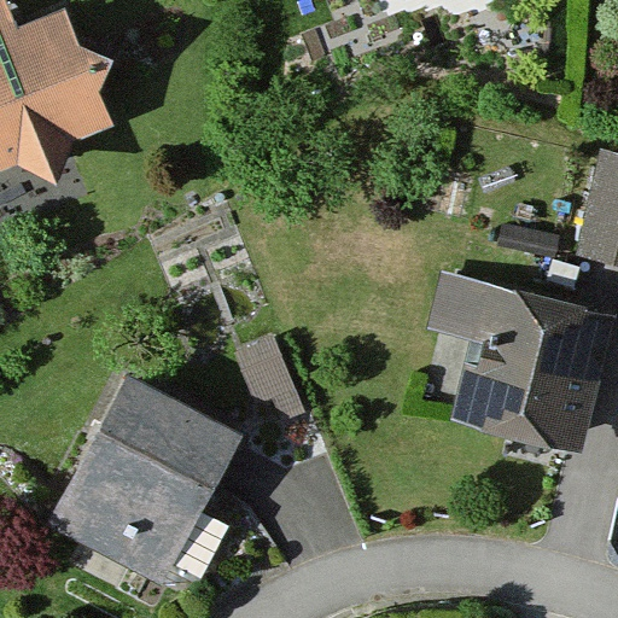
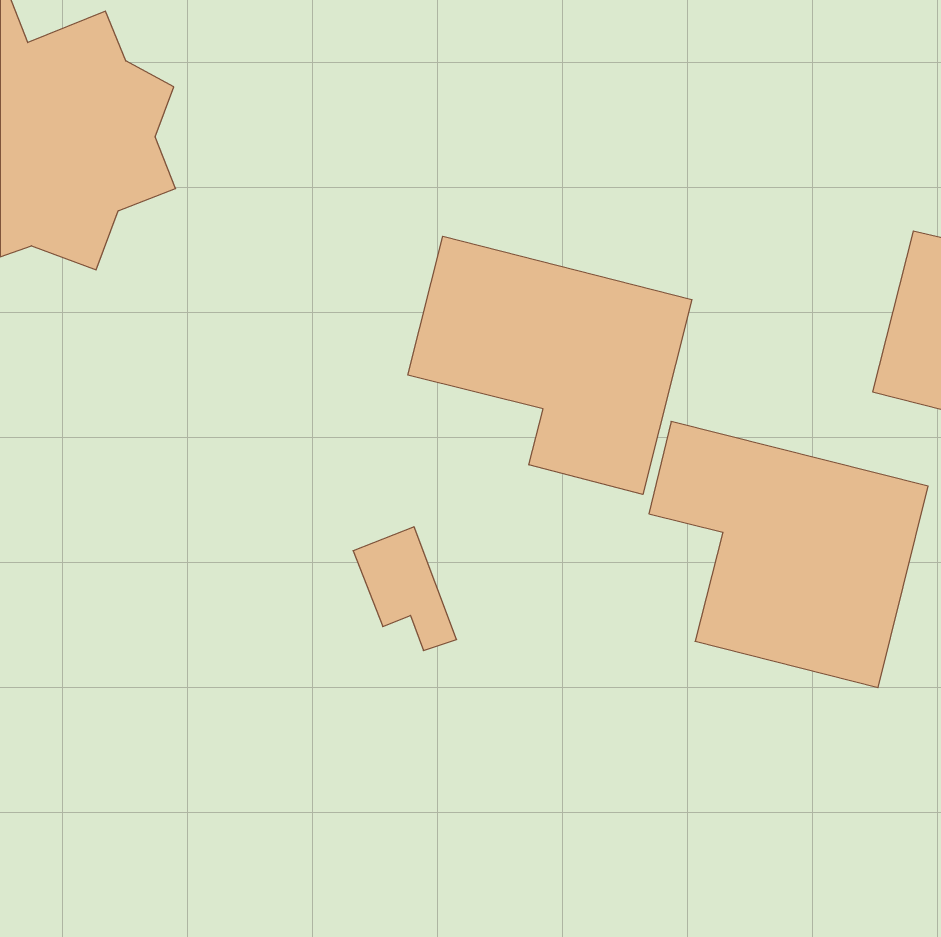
building: none -> [408,236,692,494]
building: [47,373,240,584] -> none

